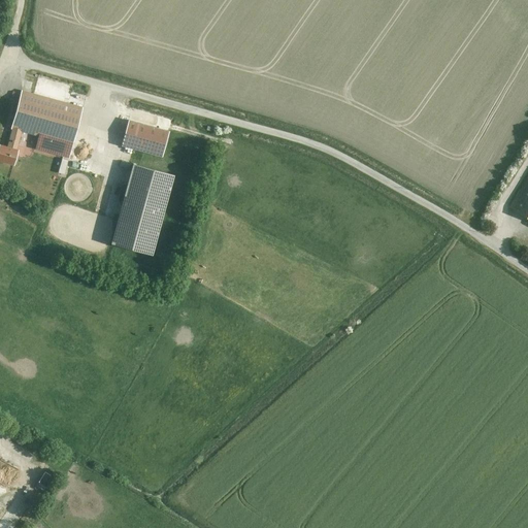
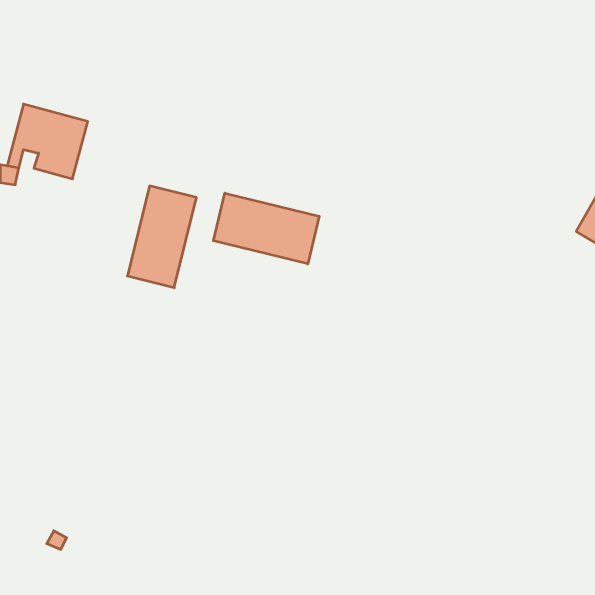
building: [121,119,169,155] -> none
building: none -> [213,193,319,264]

